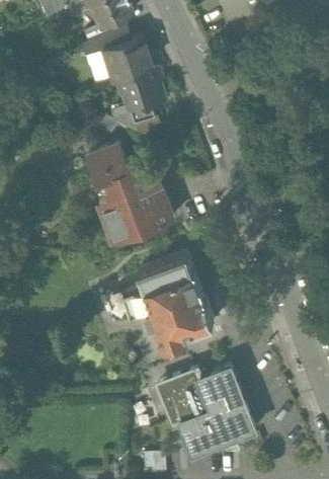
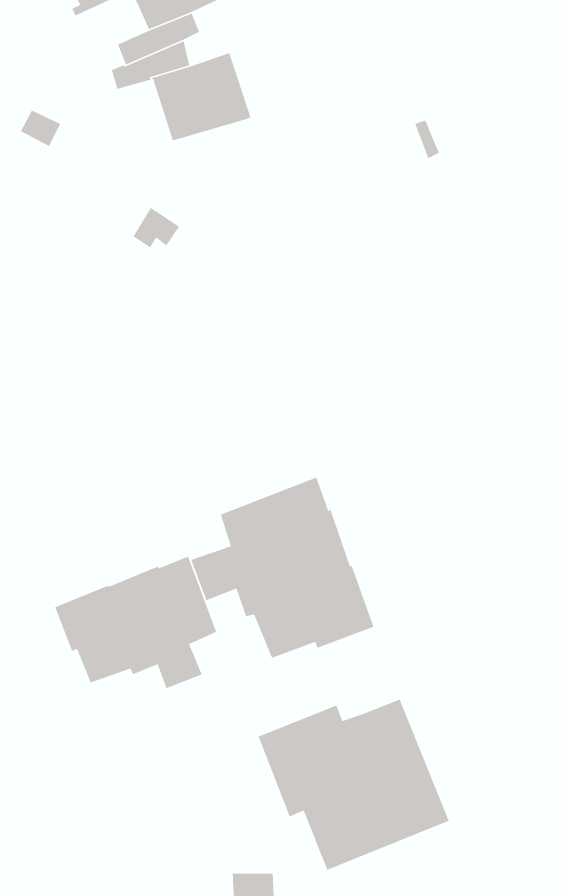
building: [111,72,164,127] -> none
building: [87,145,172,242] -> none
building: none -> [54,555,217,689]

